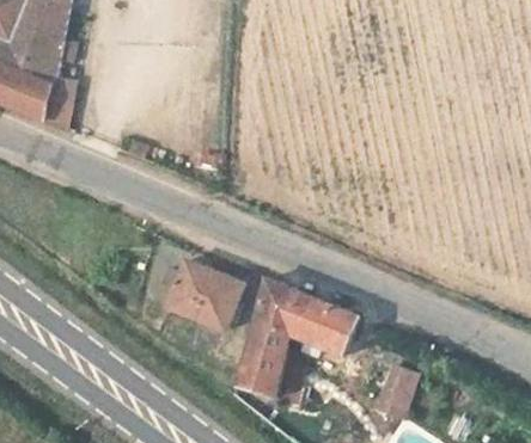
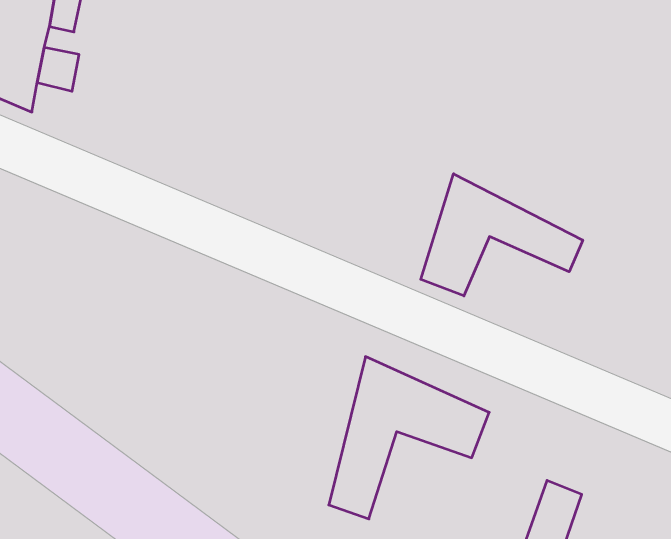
building: none -> [421,174,583,296]
building: [166,265,242,331] -> none

